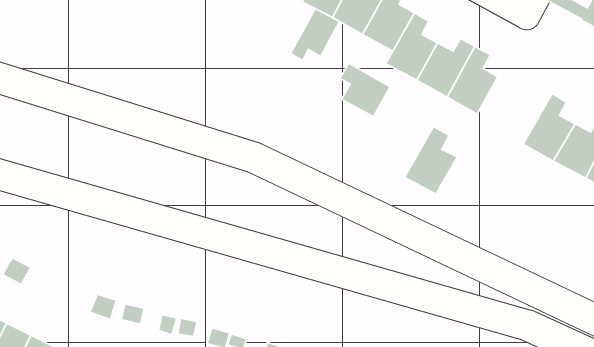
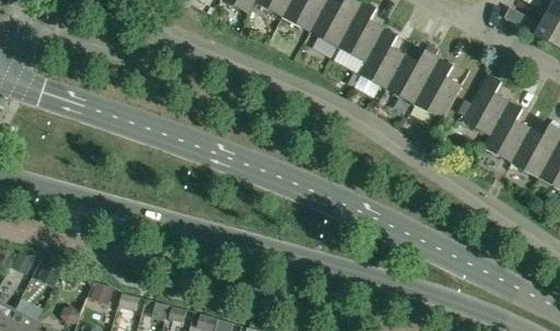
building: [290,8,340,61] -> none
building: [340,63,390,117] -> none
building: [404,127,458,194] -> [460,73,509,134]

